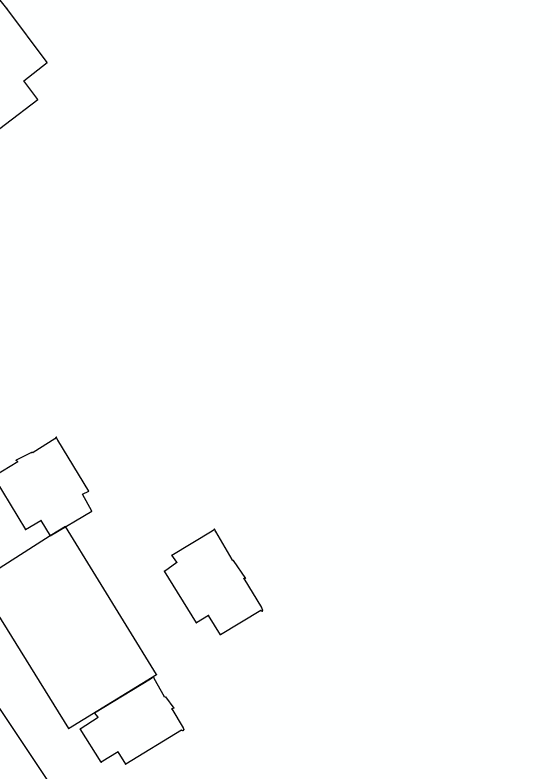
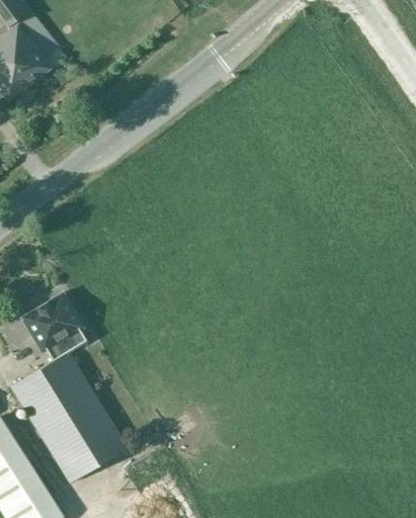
building: [164,529,263,635] -> none
building: [80,677,184,764] -> none

